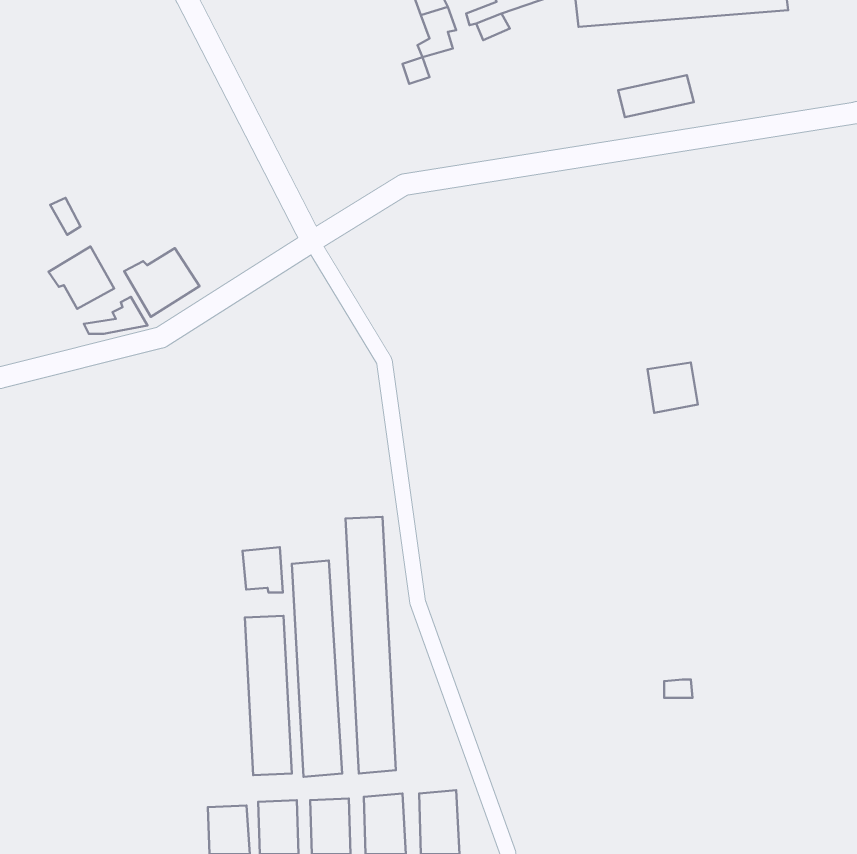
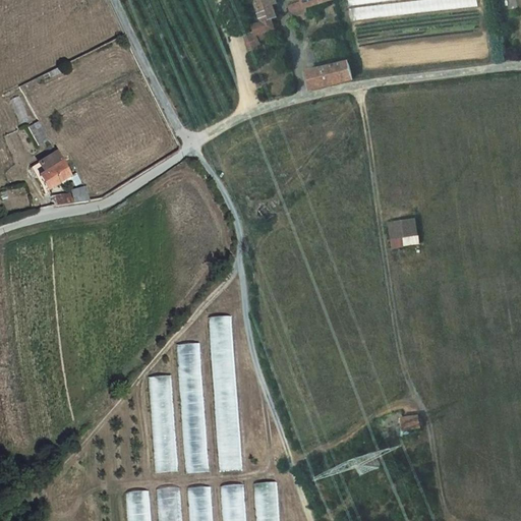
building: [618,75,694,117] -> [308,63,354,89]
building: [124,248,200,317] -> none
building: [242,547,283,592] -> none

